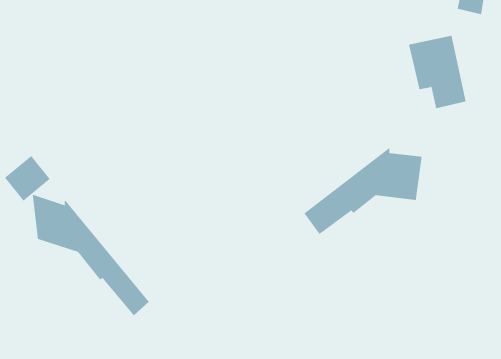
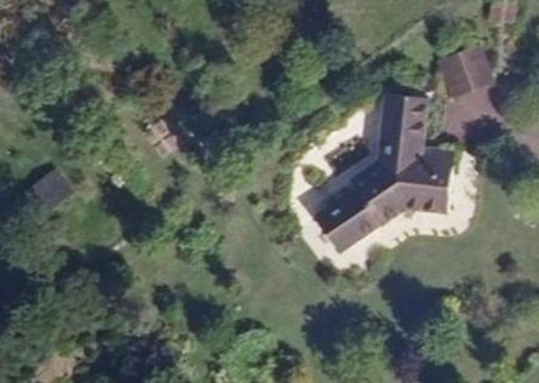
building: none -> [320,95,424,227]
building: [32,194,150,316] -> none

